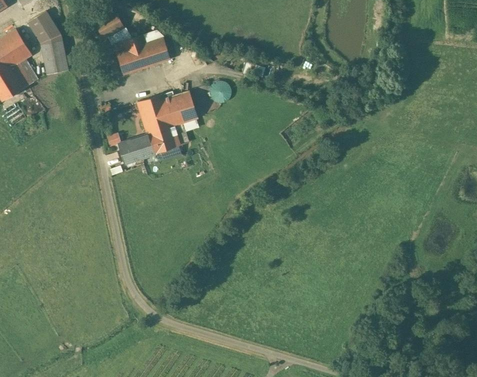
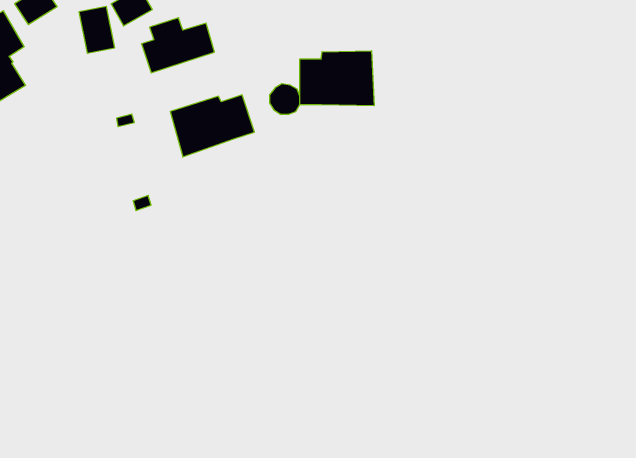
building: [41,40,67,74] -> [79,6,115,53]
building: none -> [300,51,374,106]
building: [119,122,189,163] -> none

